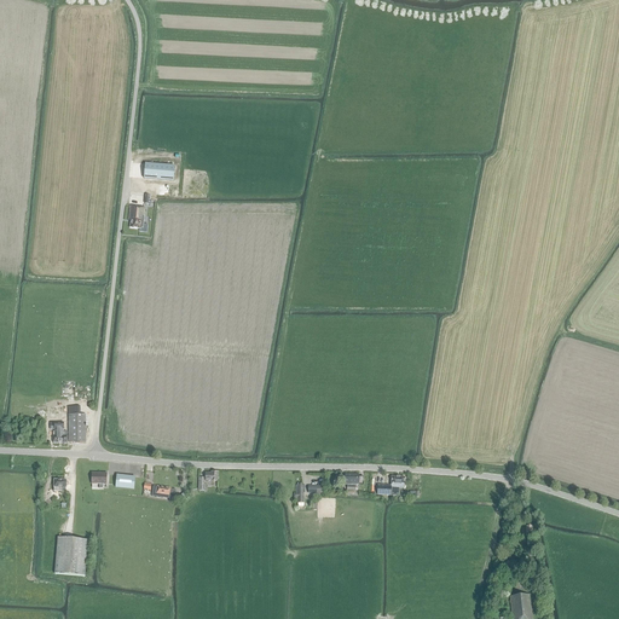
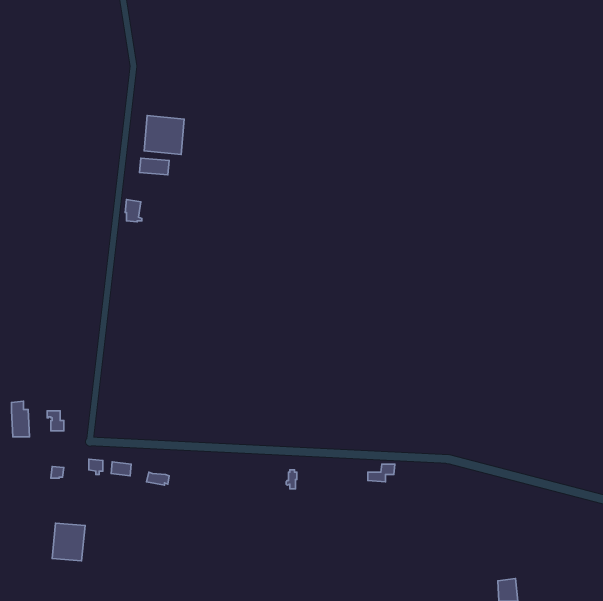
building: none -> [144,115,184,154]
building: [66,404,85,440] -> [12,401,29,437]

